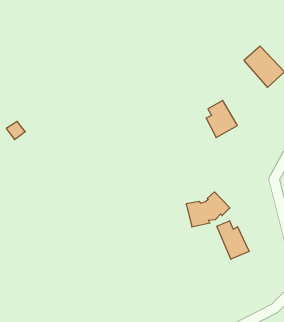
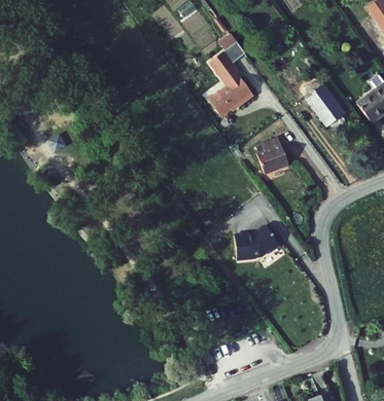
building: none -> [209,42,254,118]
building: [217,221,249,259] -> none

